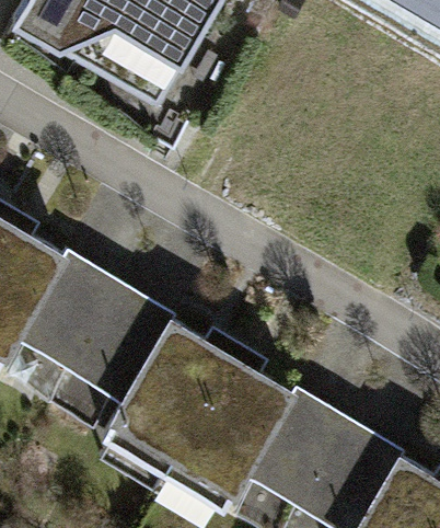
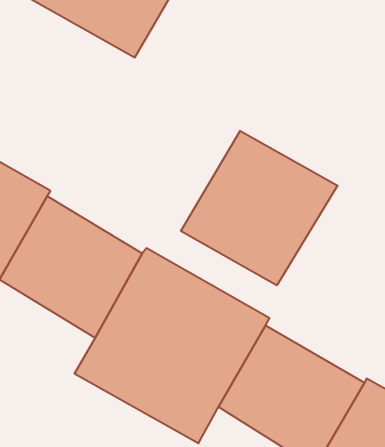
building: none -> [181,131,337,285]

